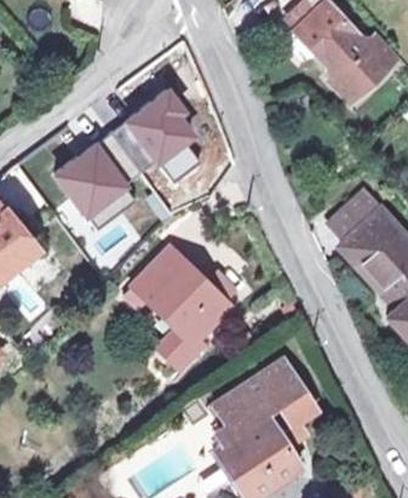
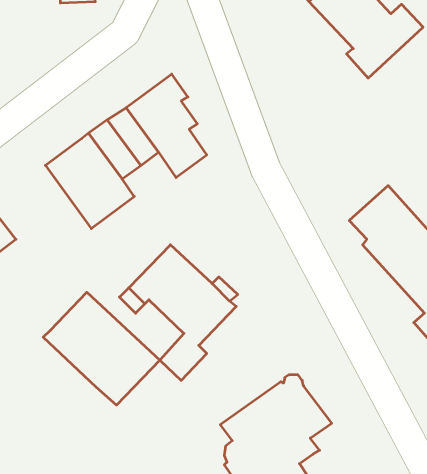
building: none -> [43,292,160,405]

